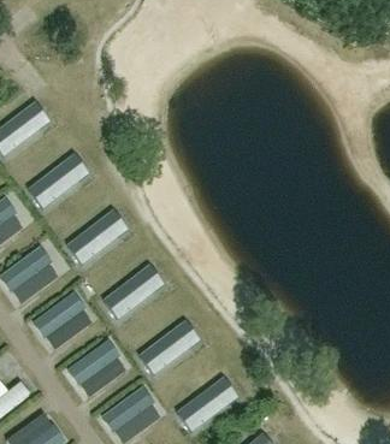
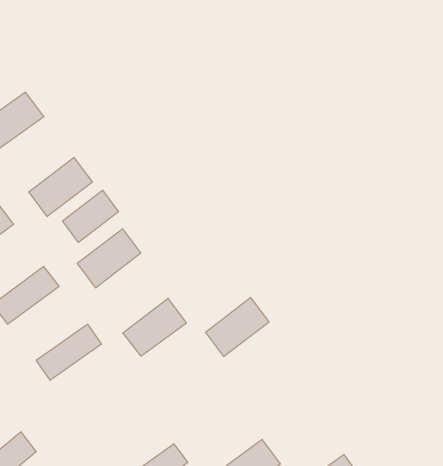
building: none -> [62,190,118,242]
building: [140,327,190,374] -> [205,298,269,357]
building: [69,341,122,386] -> none

